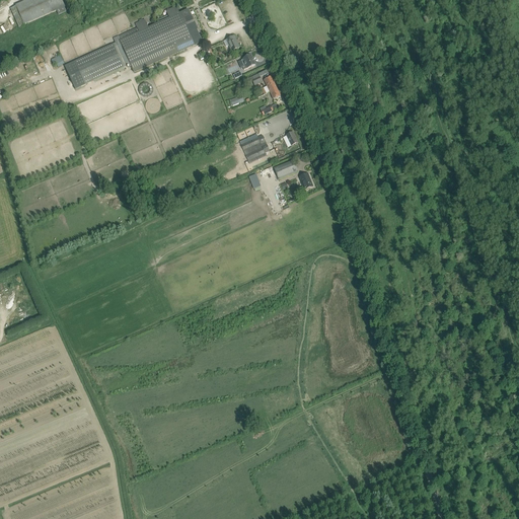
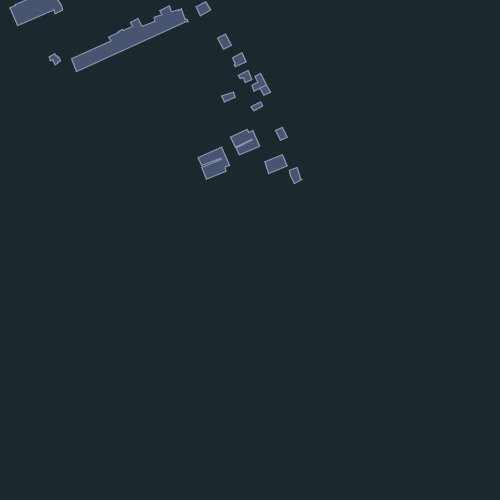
building: [79,22,201,84] -> none
building: none -> [198,147,230,179]

